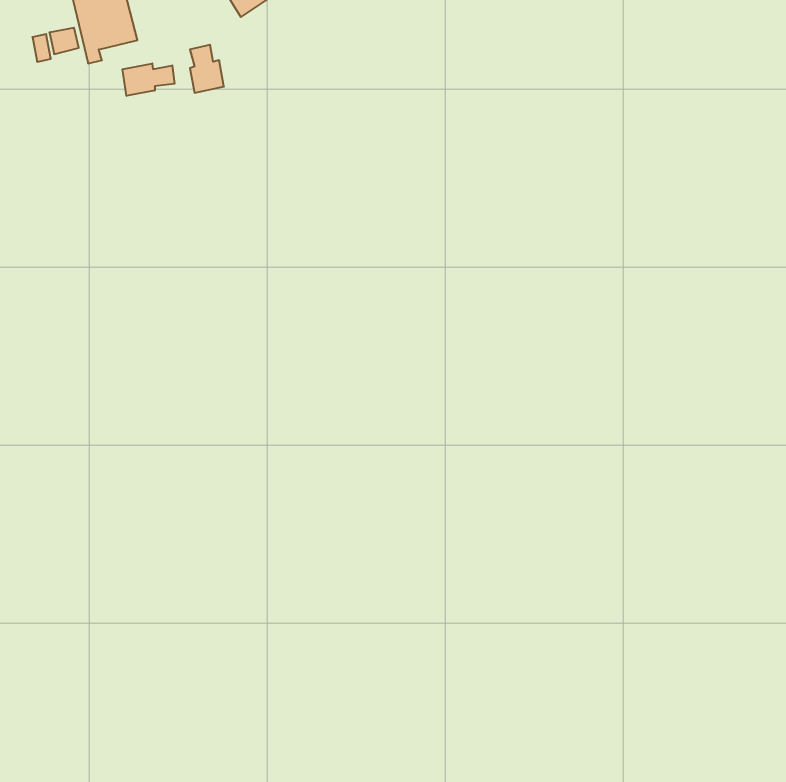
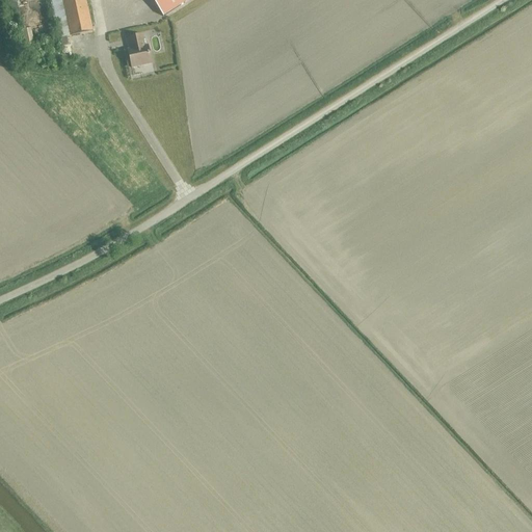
building: [122,63,175,96] -> none

